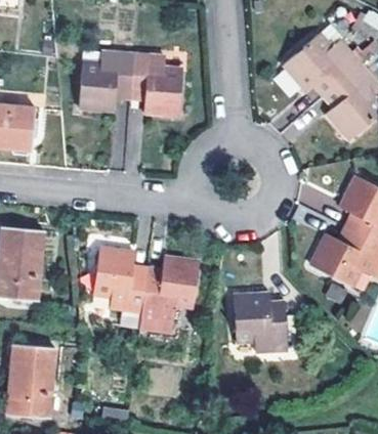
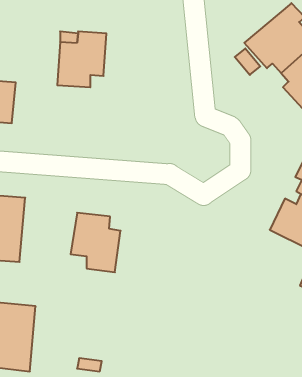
building: [129,53,182,116] -> none
building: [139,257,199,331] -> none
building: [235,293,299,353] -> none

